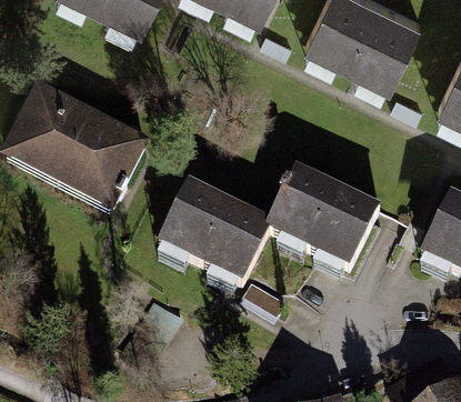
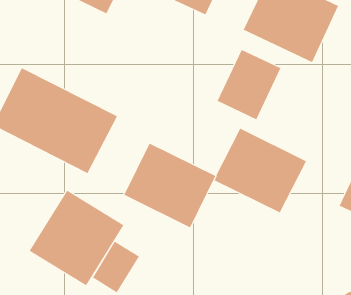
building: none -> [217,49,281,120]
building: none -> [29,190,124,286]

